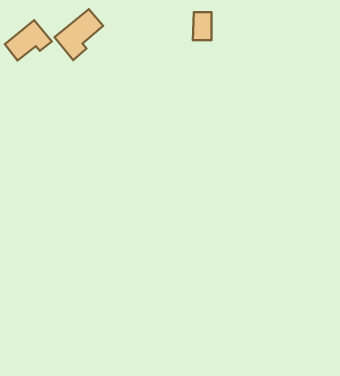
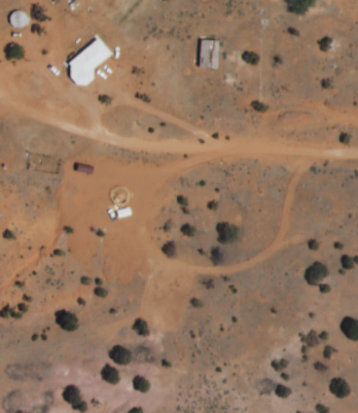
building: [5,20,52,61] -> none

